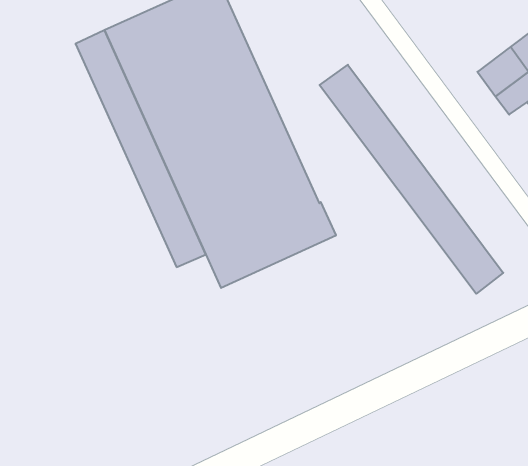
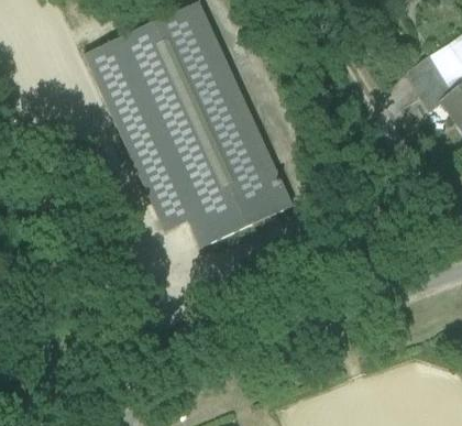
building: [320,65,503,294] -> none

